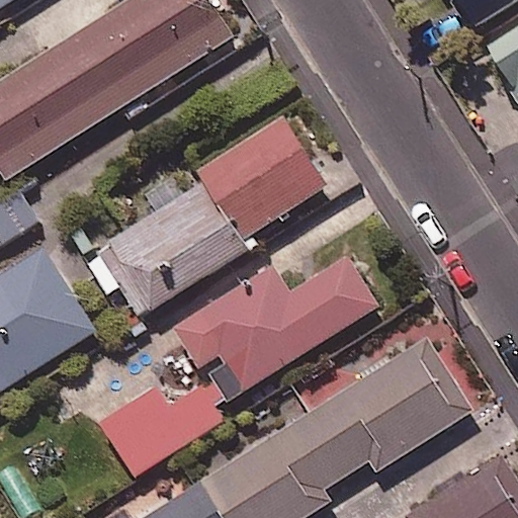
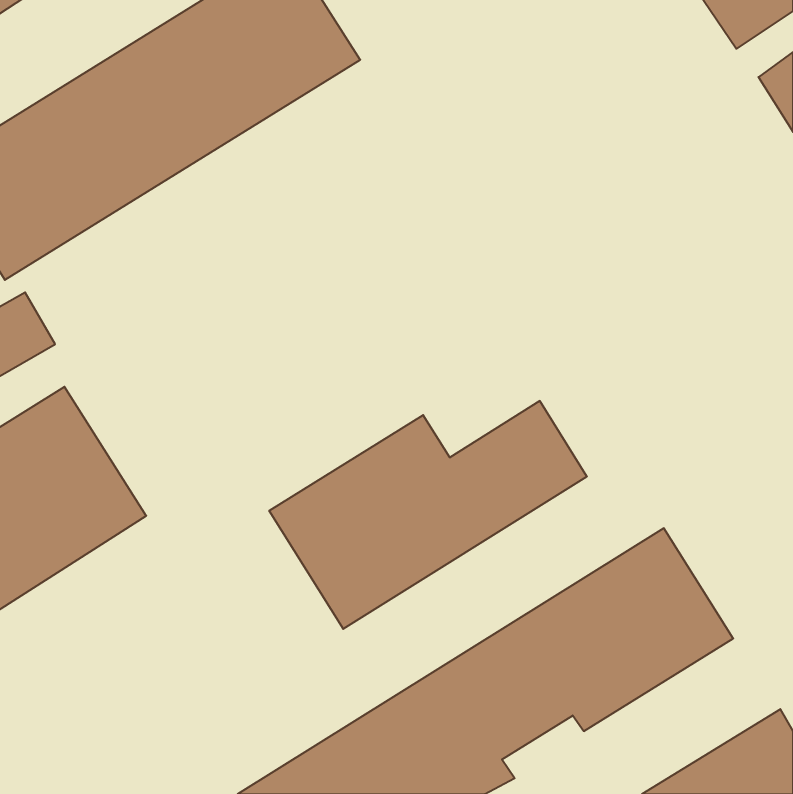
building: [96,118,326,319] -> none
building: [99,386,222,477] -> none

